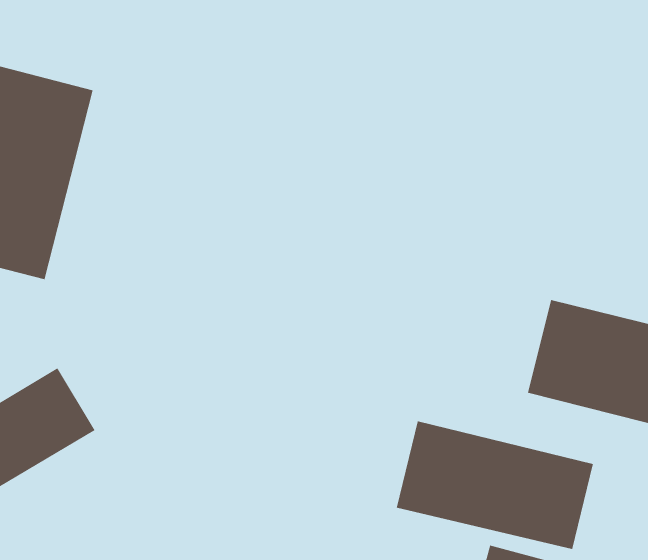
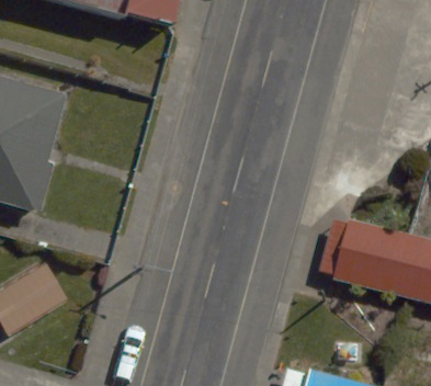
building: [396,420,593,550] -> none

